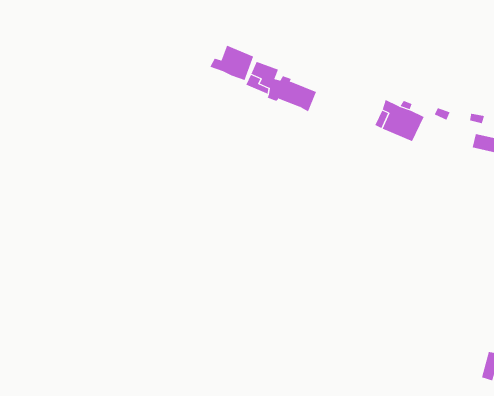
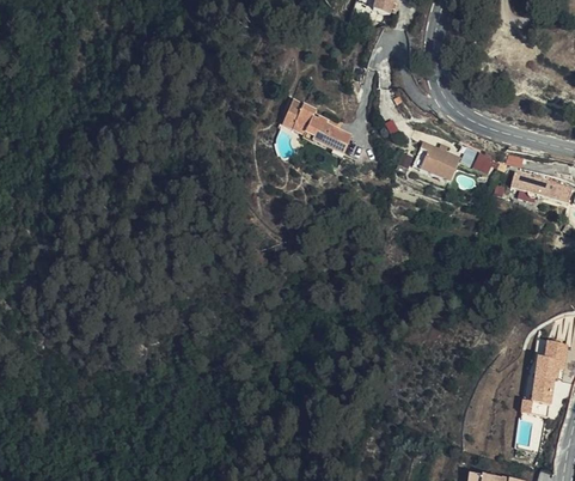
building: [210,45,254,81] -> none

